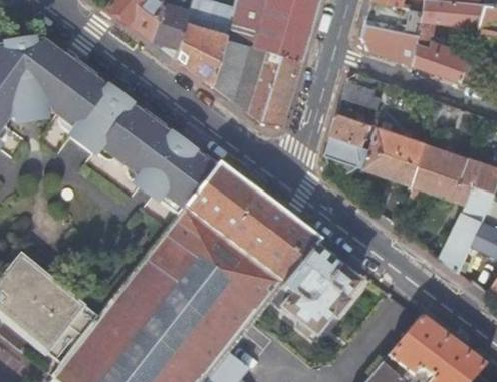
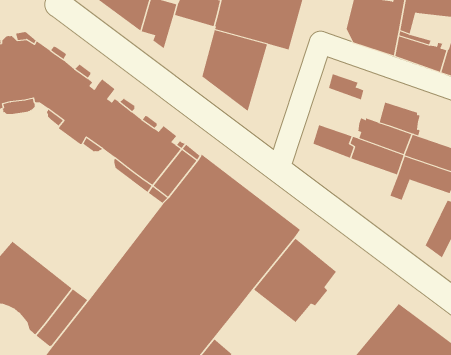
building: [178,22,230,85] -> none
building: [264,52,306,124] -> none
building: [336,113,380,148] -> [379,102,421,136]

